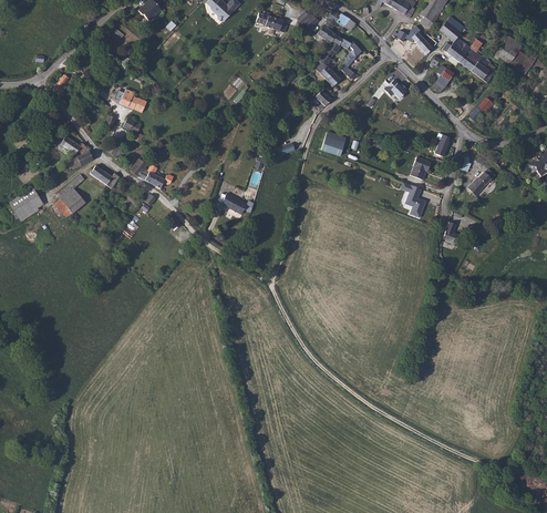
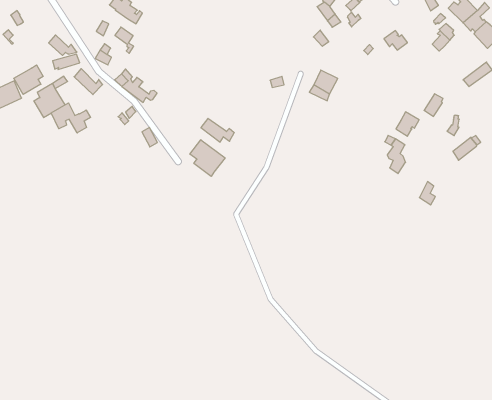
building: none -> [14,65,43,94]
building: none -> [51,103,91,133]
building: none -> [190,140,225,176]

